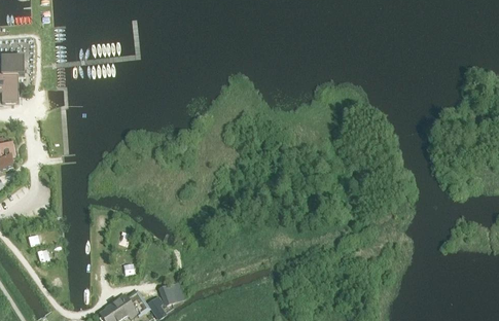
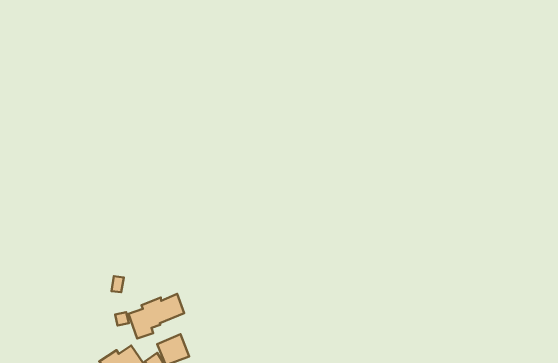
building: none -> [128,294,184,339]

